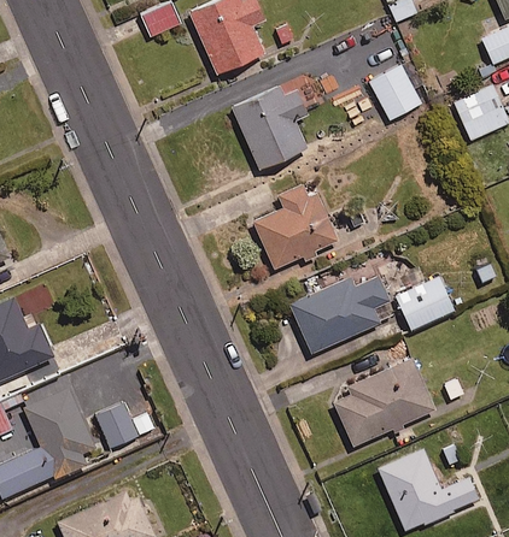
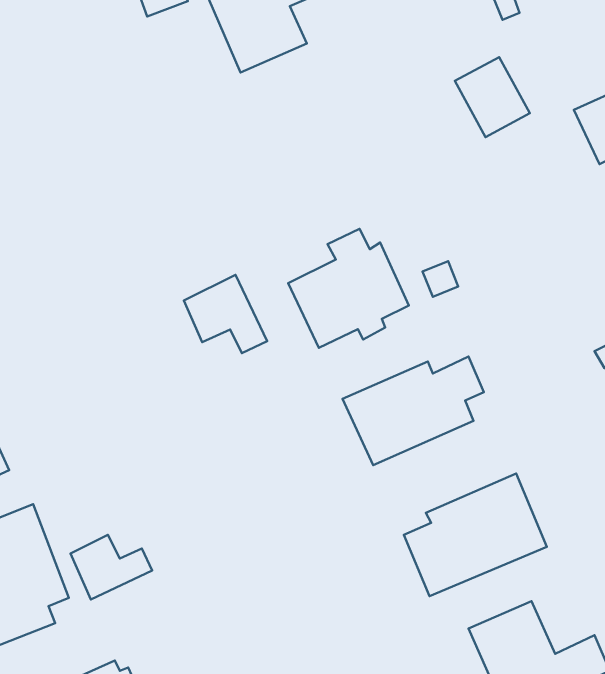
building: [234,88,310,170] -> none
building: none -> [184,275,267,353]
building: [397,276,455,329] -> none

